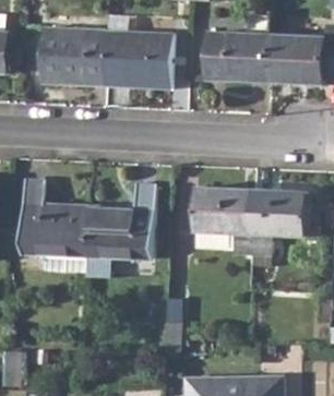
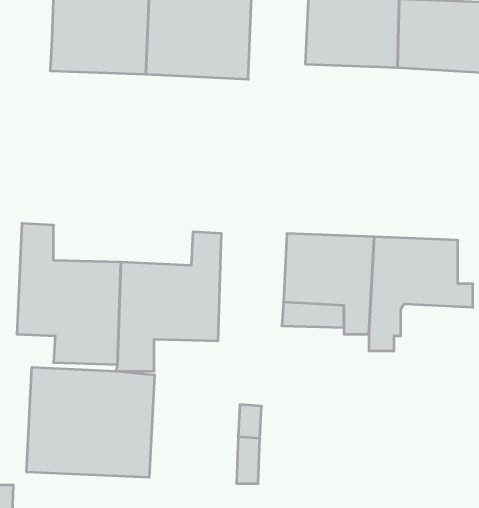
building: none -> [27,367,154,477]

